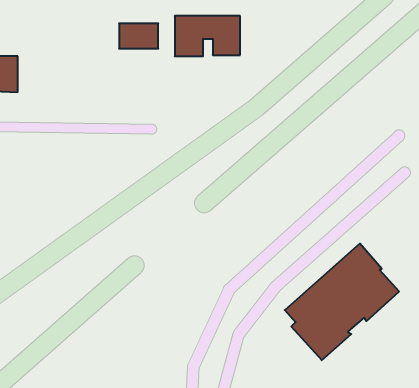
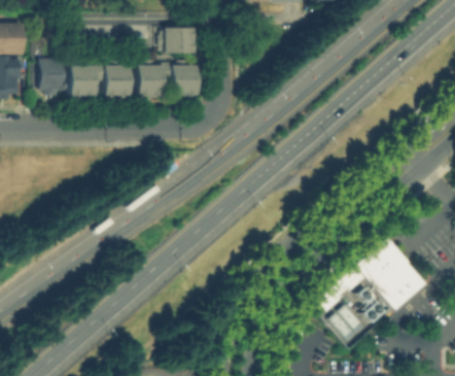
building: [175,16,240,56] -> [137,60,199,98]
building: none -> [69,60,132,97]

